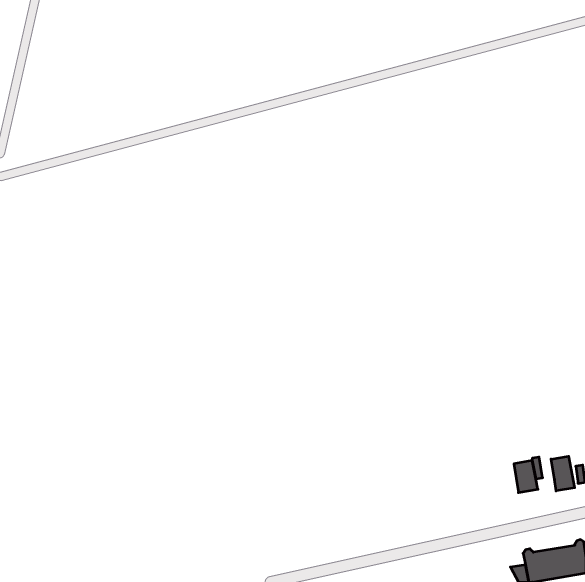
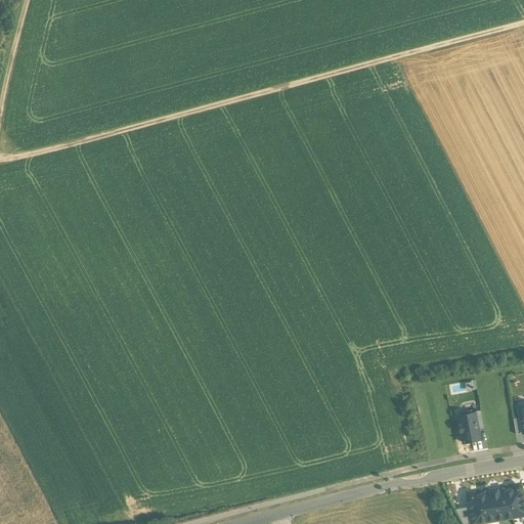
building: [551,456,575,491] -> none

